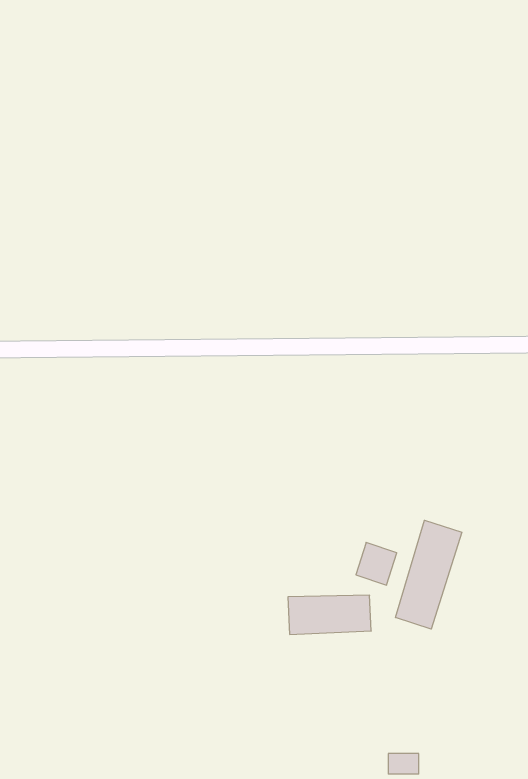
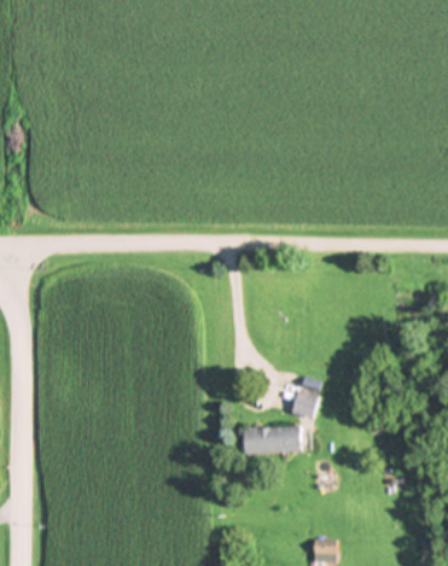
building: [396,520,462,629] -> none

